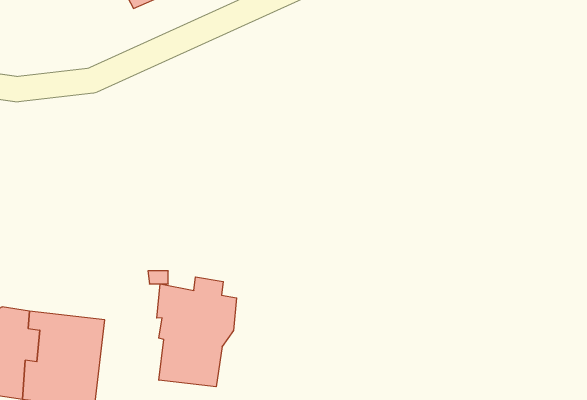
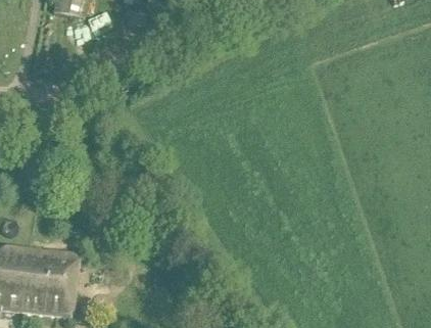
building: [157,277,237,387] -> none

